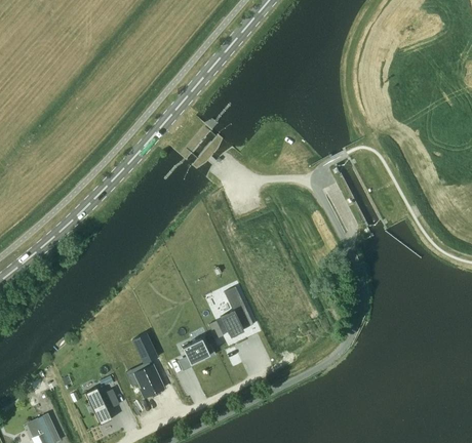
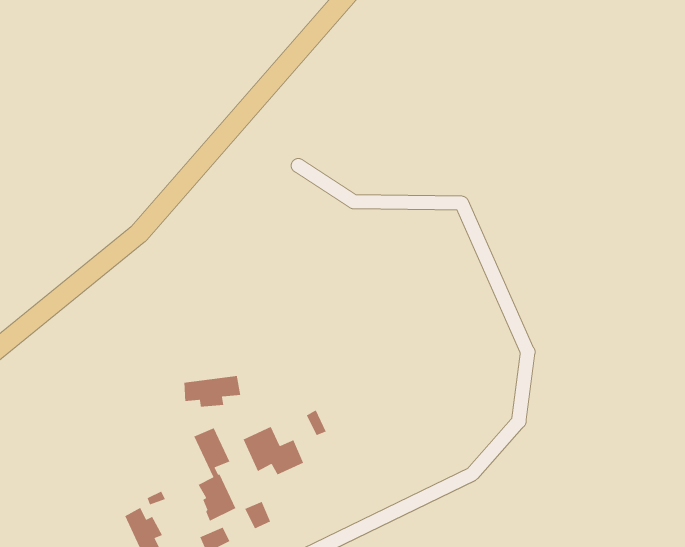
building: [221,286,253,335] -> none
building: none -> [183,375,241,407]

